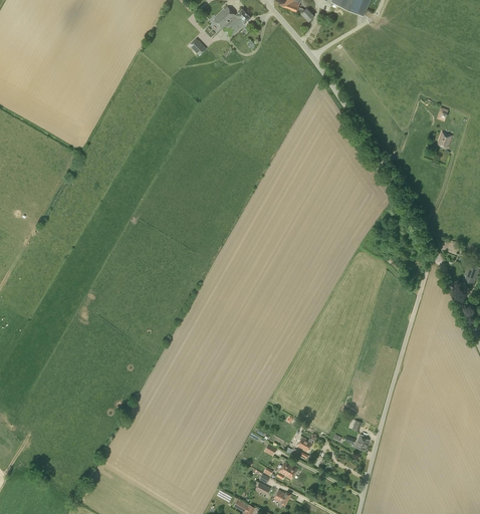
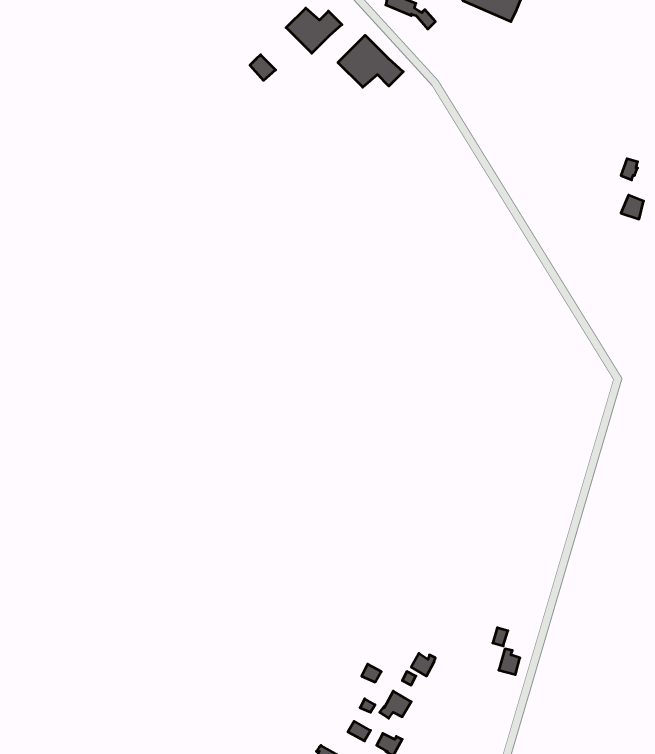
building: none -> [338,35,403,87]

